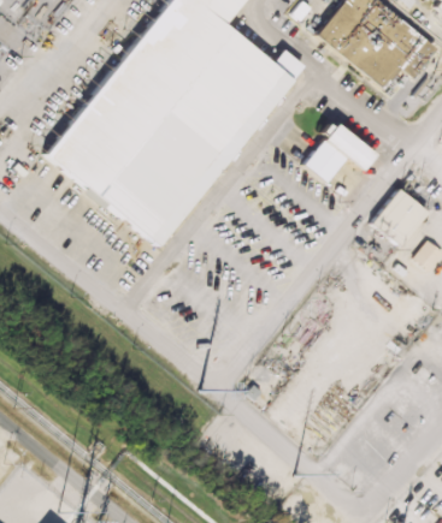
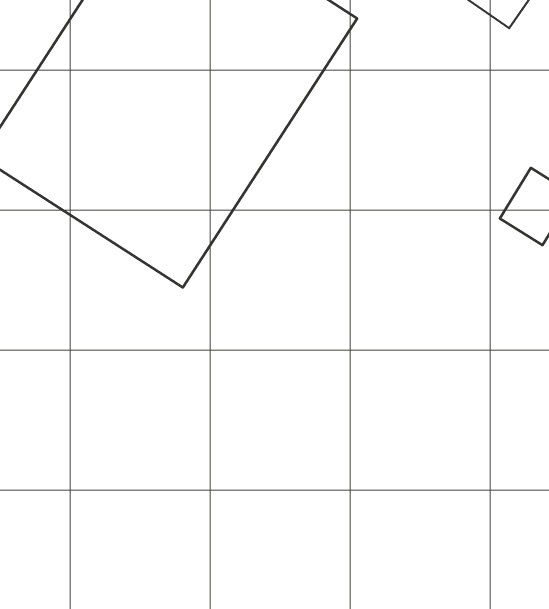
building: [311,127,381,185] -> none

